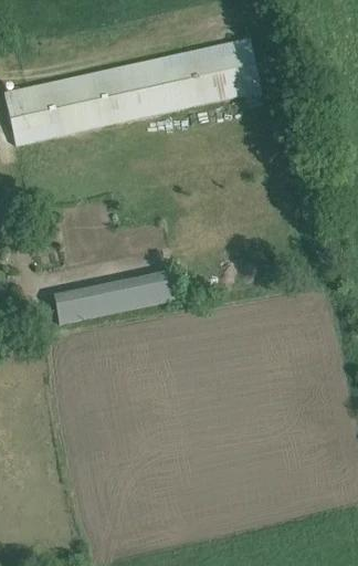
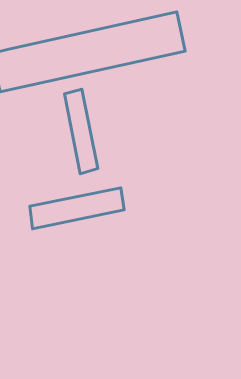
building: none -> [65,89,98,174]

